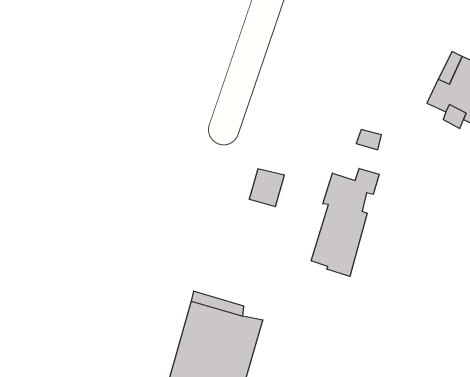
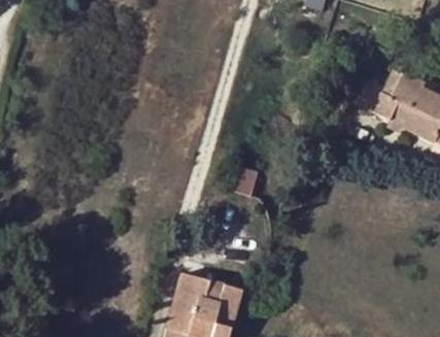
building: [311,168,379,276] -> none

